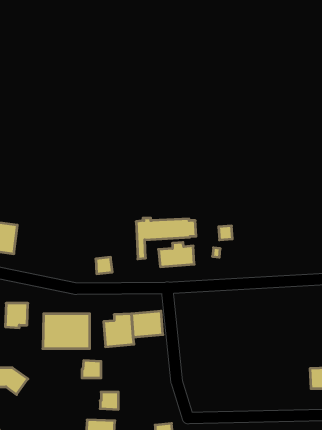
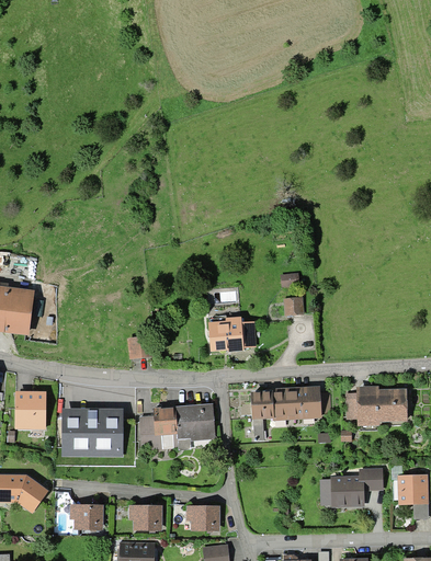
building: [136,218,196,259] -> [251,390,327,442]
building: none -> [347,391,406,421]
building: [82,361,101,378] -> [76,506,100,528]
building: none -> [332,471,381,505]
building: none -> [193,508,216,529]

